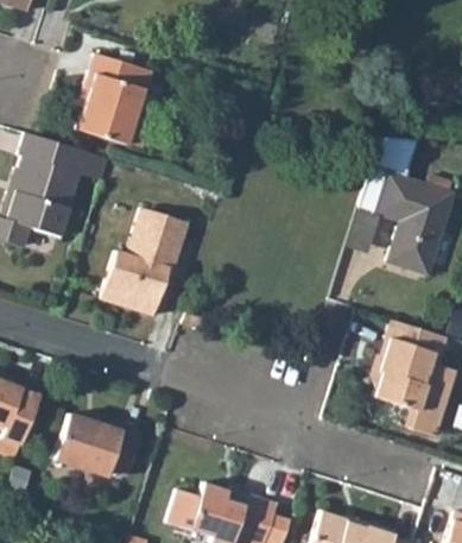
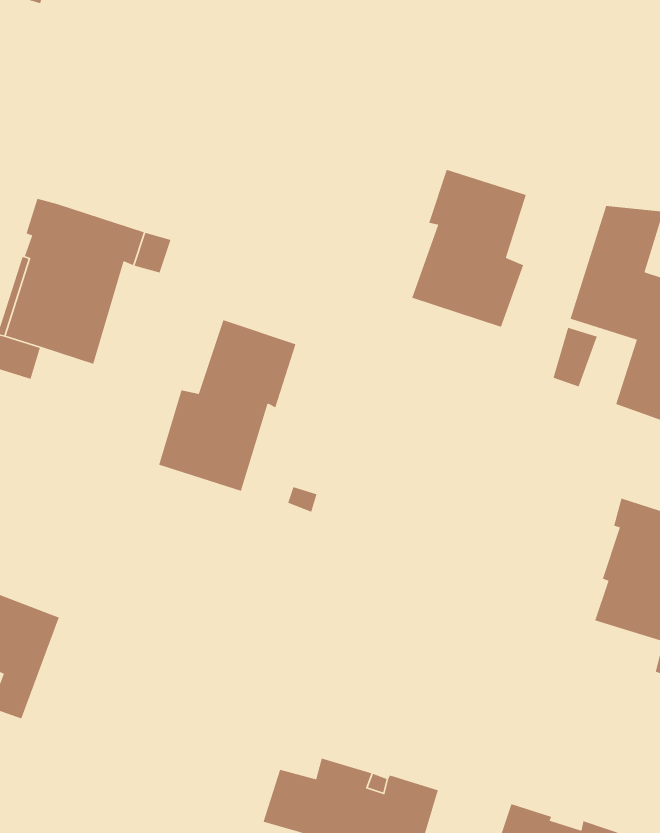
building: [77,53,153,145] -> none
building: none -> [411,169,527,328]
building: [52,415,141,476] -> none

